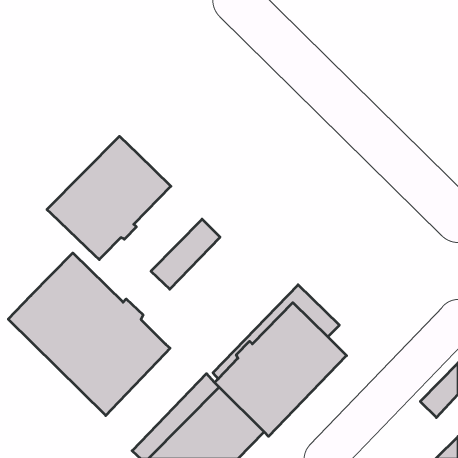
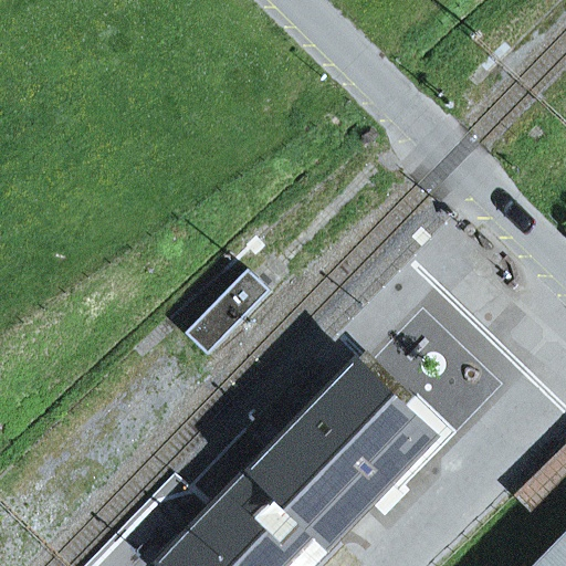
building: [47,136,171,260] -> none
building: [8,253,170,416] -> none

